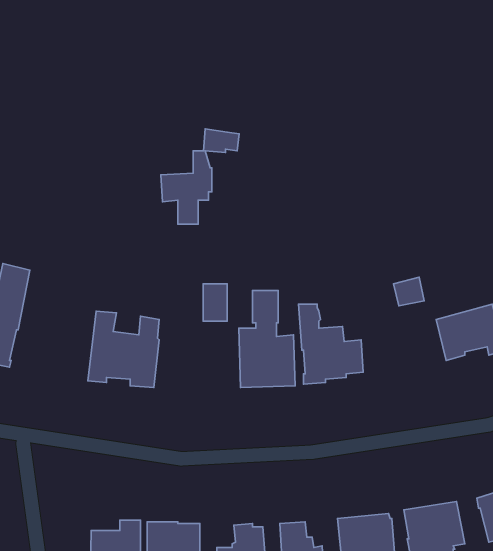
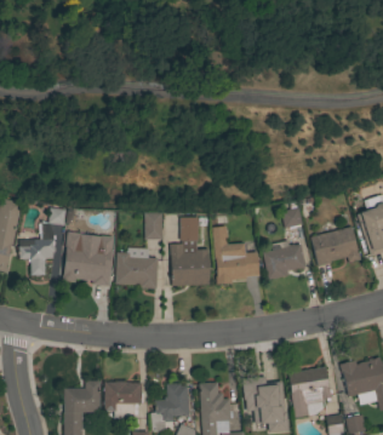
building: [161,129,239,224] -> [19,207,75,275]
building: none -> [263,240,307,280]
building: none -> [116,247,159,288]

